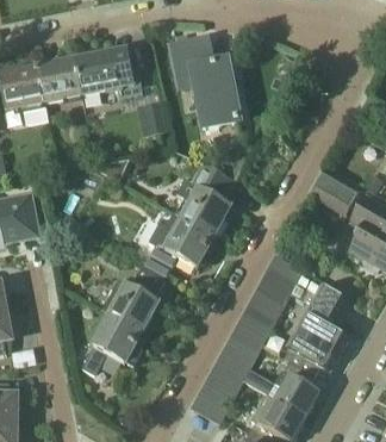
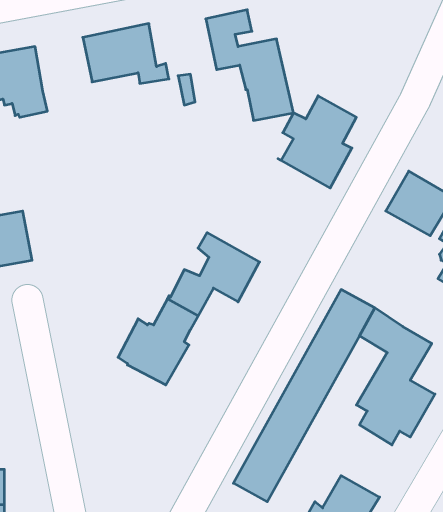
building: [38,61,82,102] -> none
building: [172,163,232,235] -> [278,96,356,188]
building: [83,315,142,373] -> none
building: [274,361,319,417] -> none

